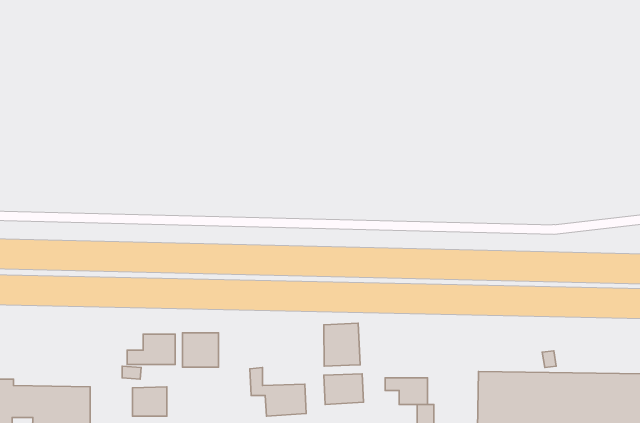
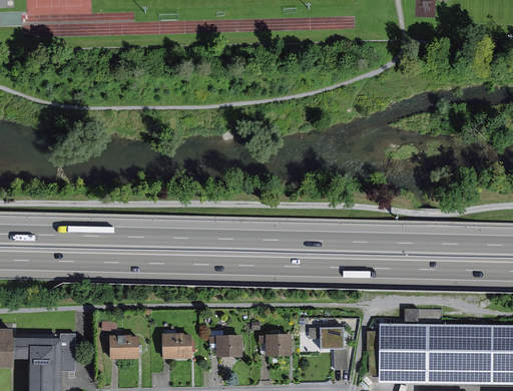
building: [324,323,360,366] -> none
building: [183,333,218,367] -> [164,332,192,359]
building: [127,334,175,364] -> none

